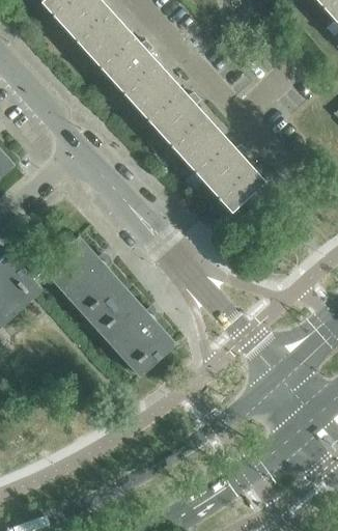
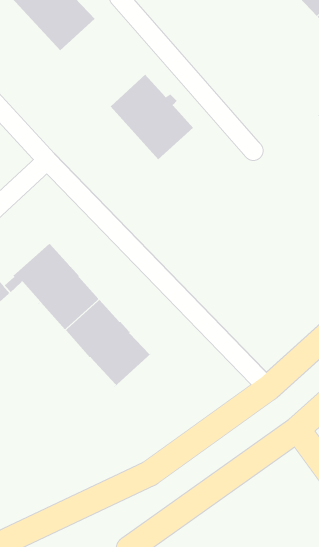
building: [87,22,169,106] -> none
building: [181,127,264,211] -> none

